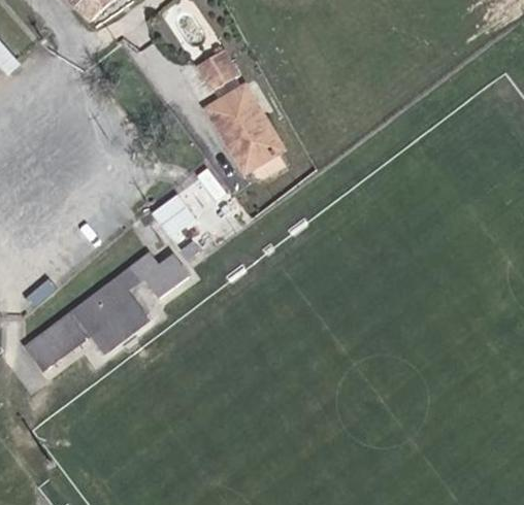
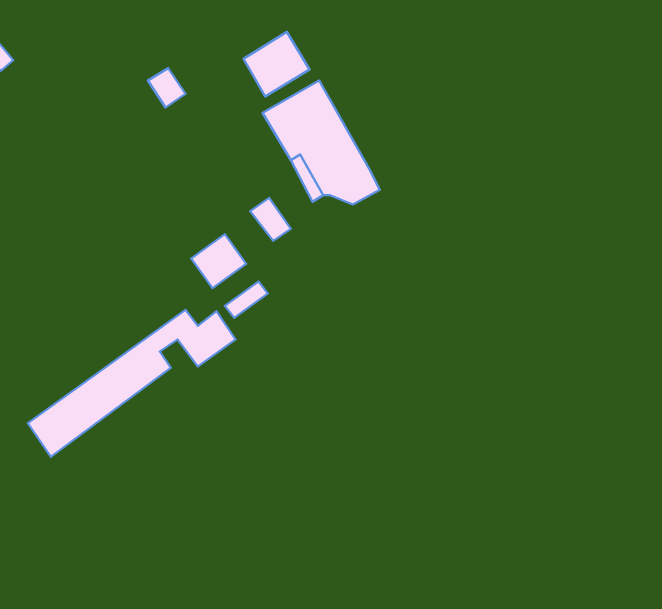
building: [89,301,148,354] -> none

